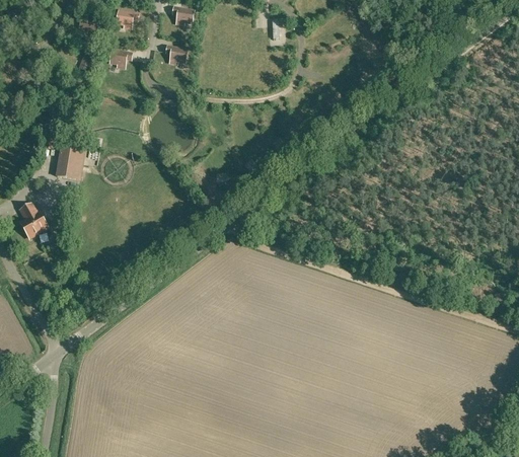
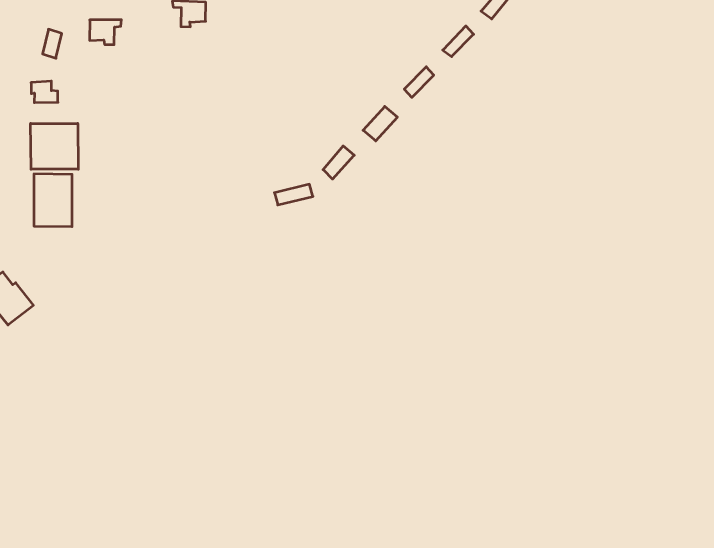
building: none -> [31,123,78,169]

